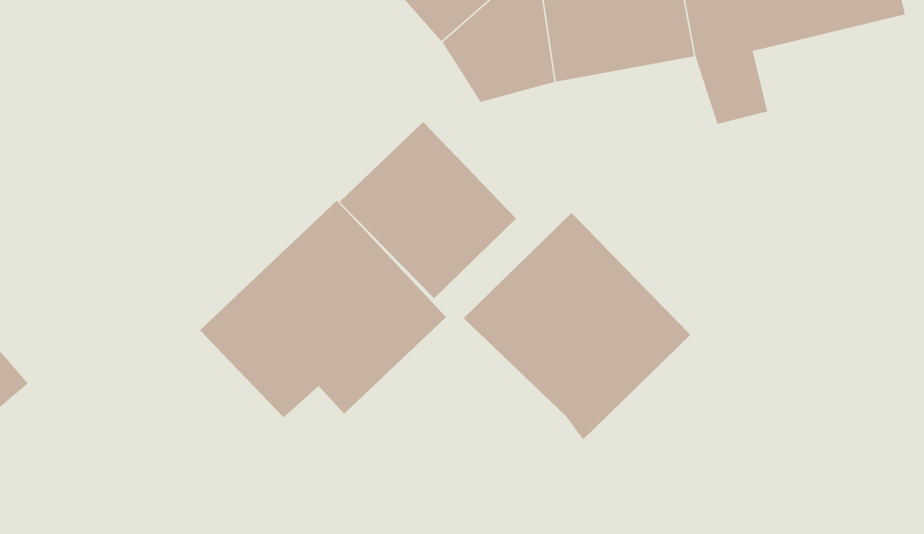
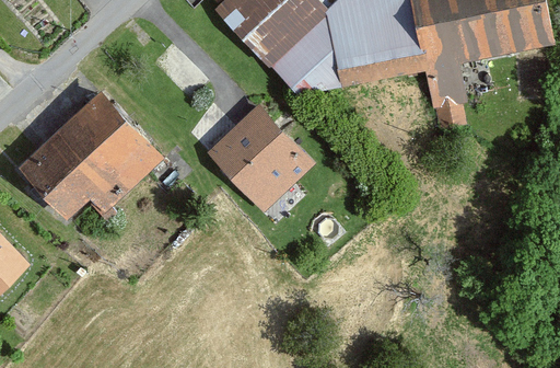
building: [199,200,447,418] -> [15,87,163,217]
building: [463,212,691,441] -> none

